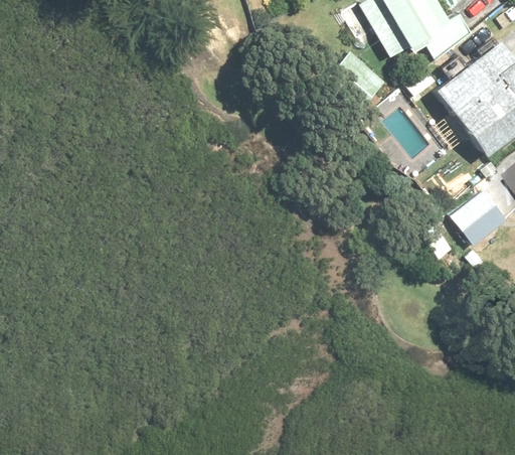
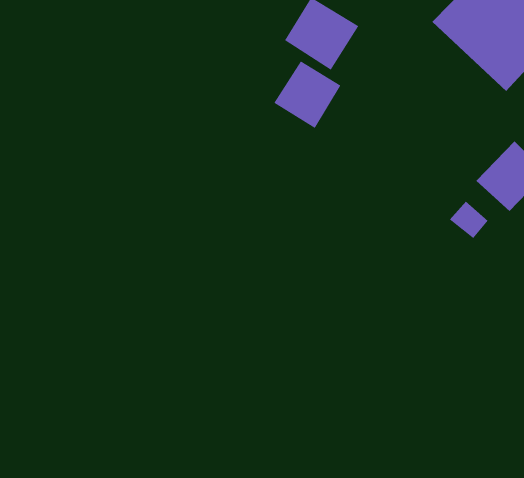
building: none -> [273,61,341,129]

